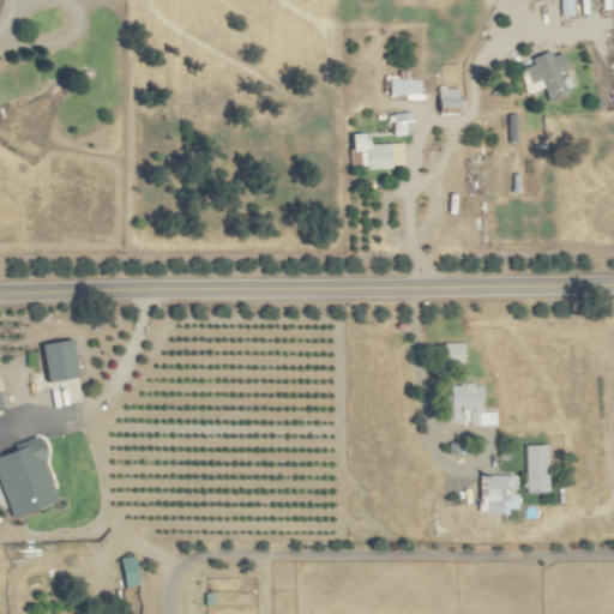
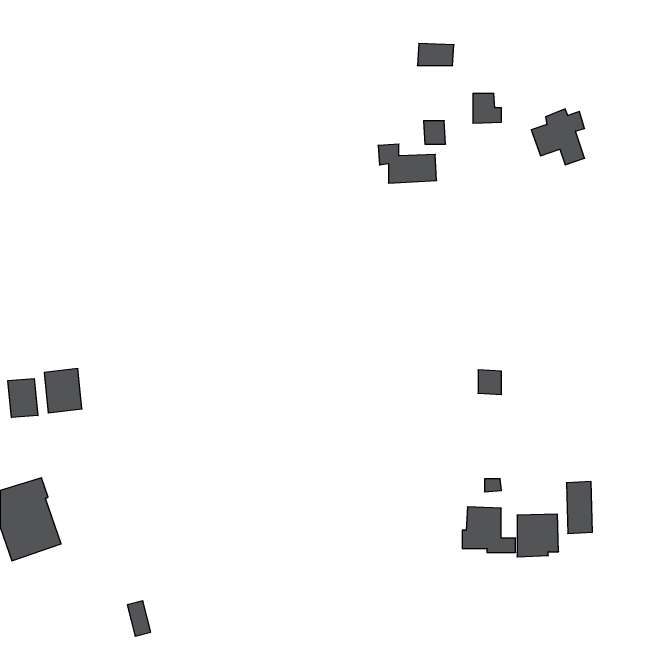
building: [520,50,570,102] -> [531,109,585,165]
building: [391,77,425,97] -> [417,44,454,66]
building: none -> [8,379,38,418]
building: [449,384,498,426] -> [462,507,516,552]

